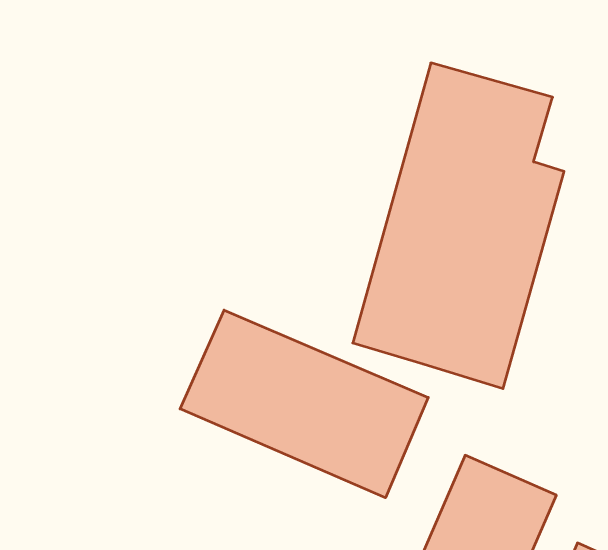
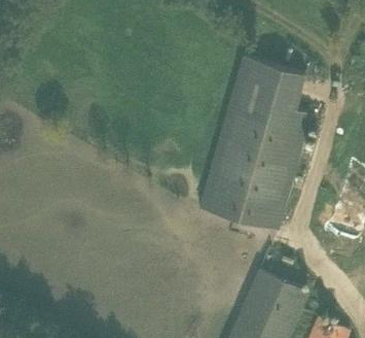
building: [180,310,428,498] -> none

